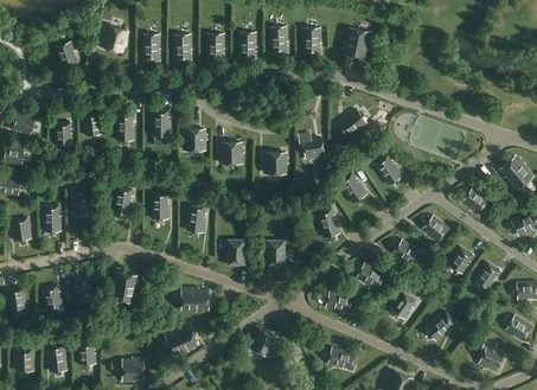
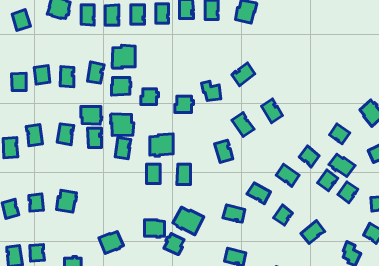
building: none -> [112,45,135,68]
building: none -> [81,107,102,124]
building: none -> [111,114,134,136]
building: none -> [150,134,173,156]
building: none -> [329,154,355,177]
building: [181,288,207,311] -> [144,220,165,237]
building: none -> [173,207,204,235]

